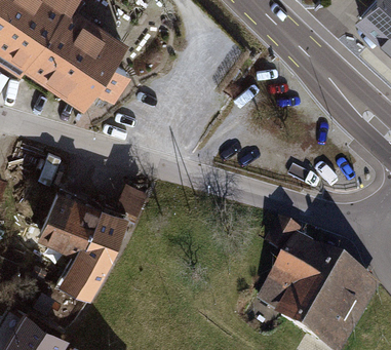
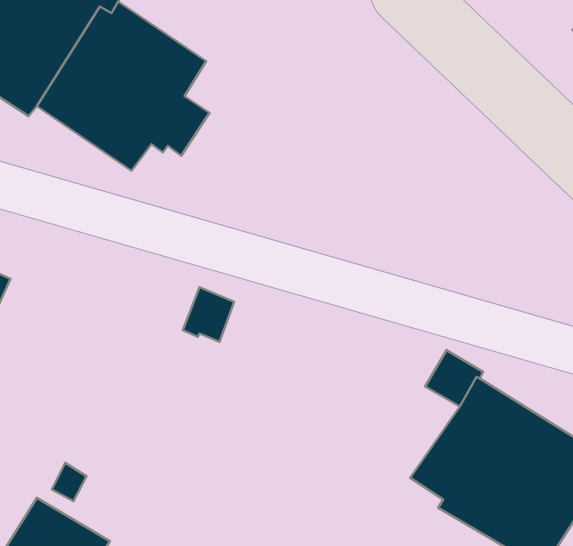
building: [38,188,130,300] -> none

